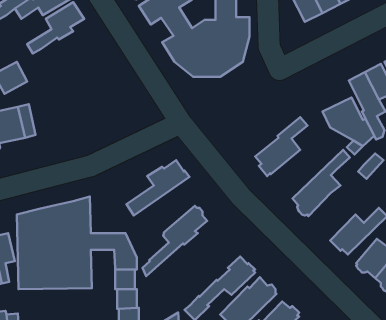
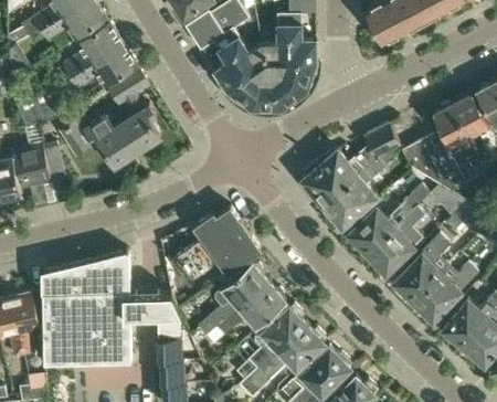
building: none -> [71,42,136,88]
building: none -> [86,68,160,165]
building: none -> [305,124,401,204]
building: none -> [348,188,429,254]
building: none -> [180,229,260,286]
building: none -> [394,236,450,304]
building: none -> [205,281,285,345]
building: none -> [237,305,305,380]

